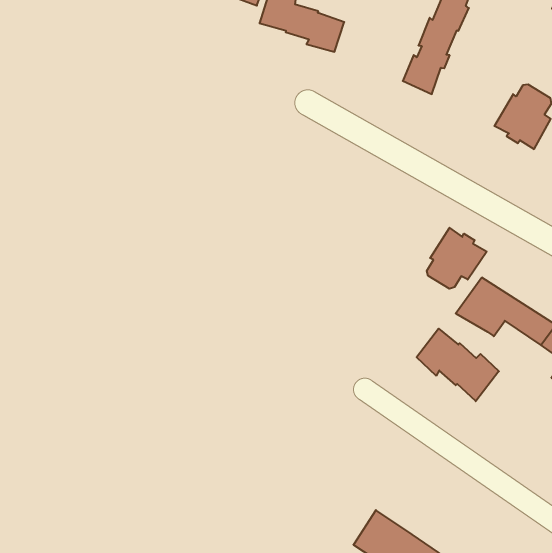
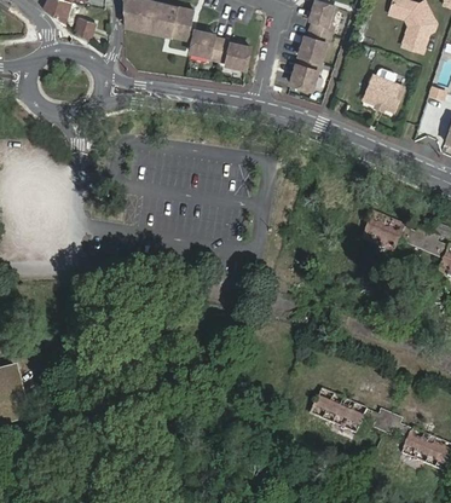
building: [427,228,487,289] -> none
building: [417,329,499,401] -> none

